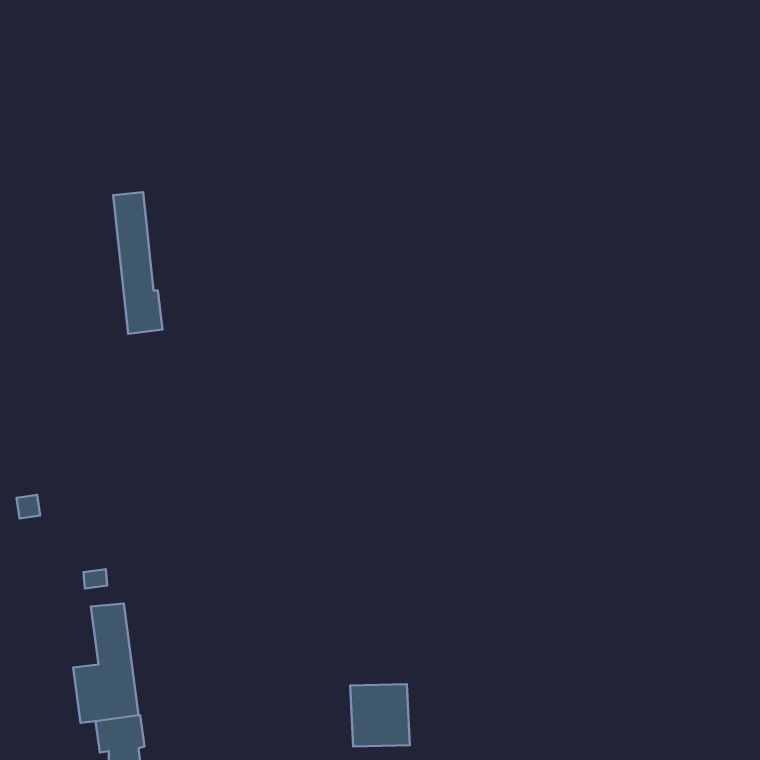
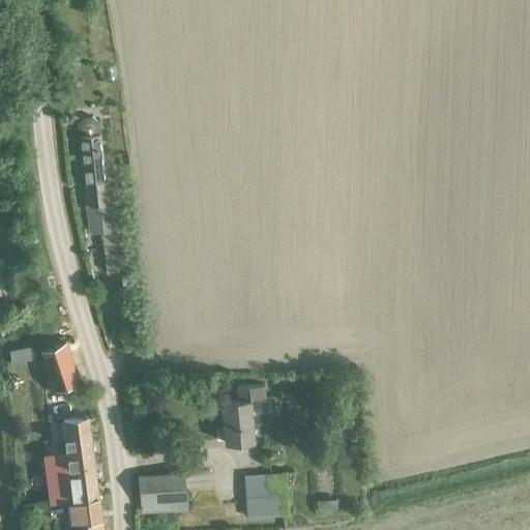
building: none -> [40,343,78,391]
building: none -> [223,389,266,446]
building: none -> [137,471,186,514]

